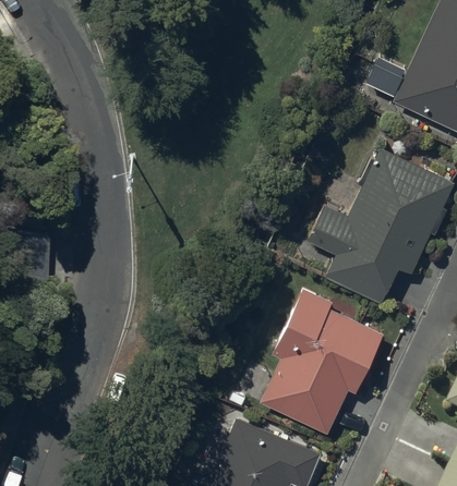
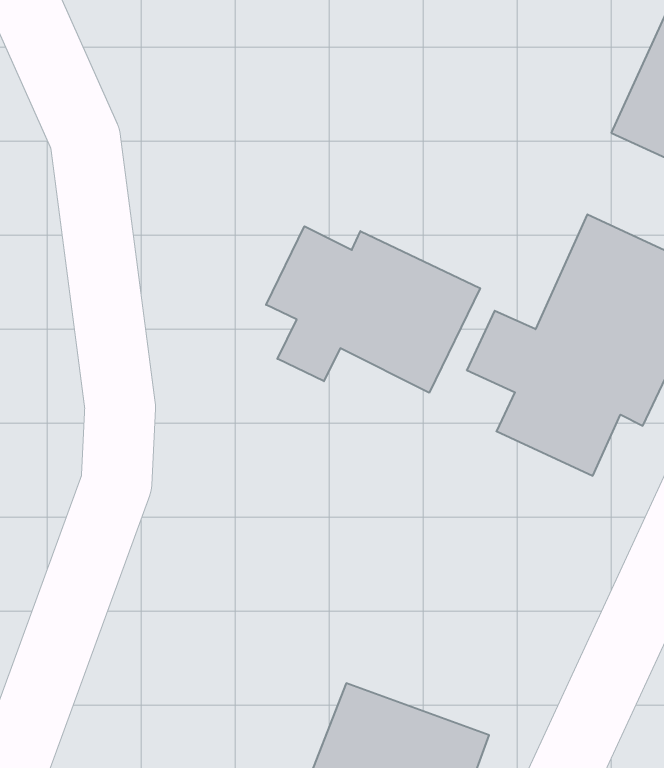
building: none -> [266,226,480,393]
building: [263,290,385,430] -> none

